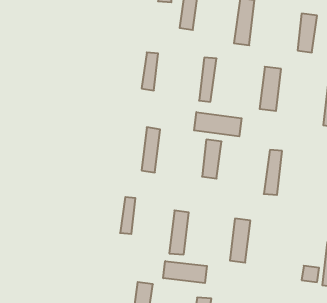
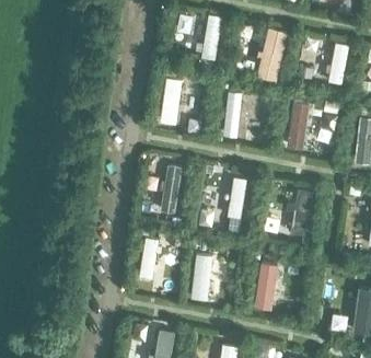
building: [194,112,242,136] -> none
building: [163,261,207,283] -> none

